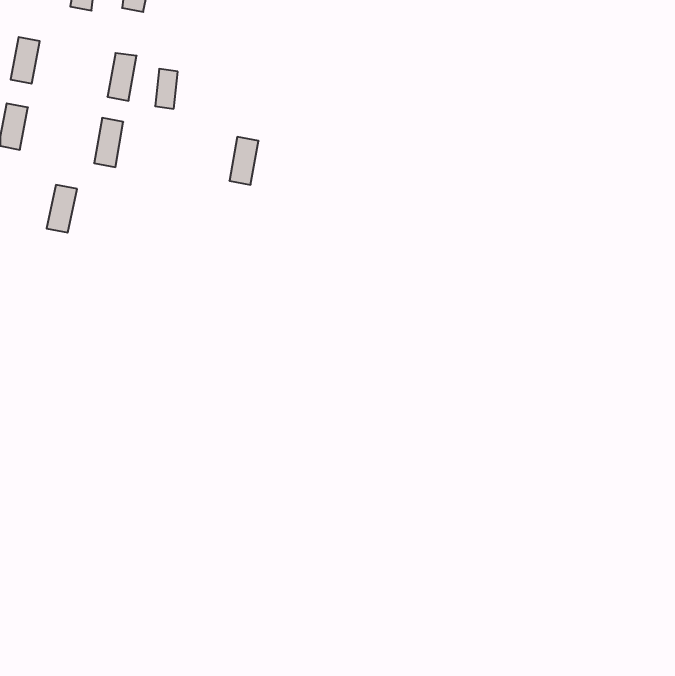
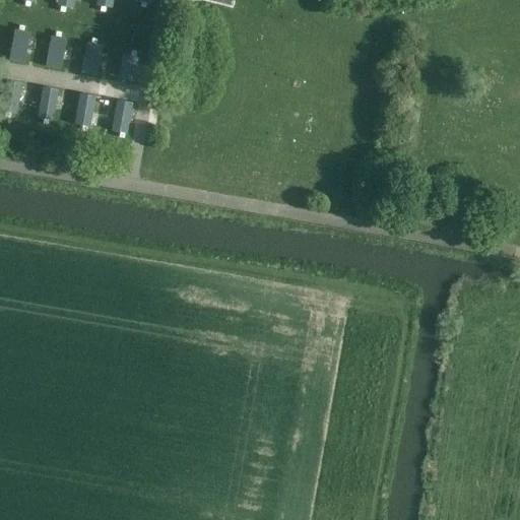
building: none -> [47,34,69,70]
building: [229,137,259,185] -> [111,99,133,135]
building: [47,185,77,233] -> [37,84,60,121]

